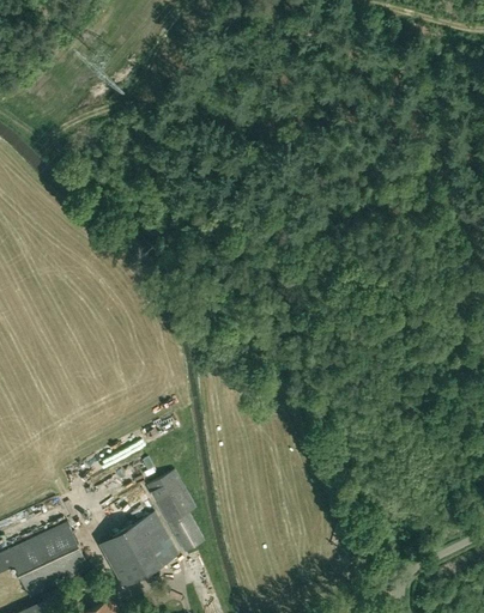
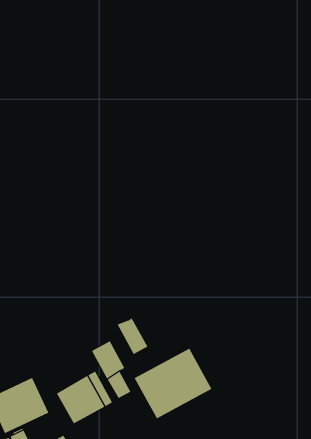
building: none -> [117,318,148,355]
building: none -> [134,348,212,419]

